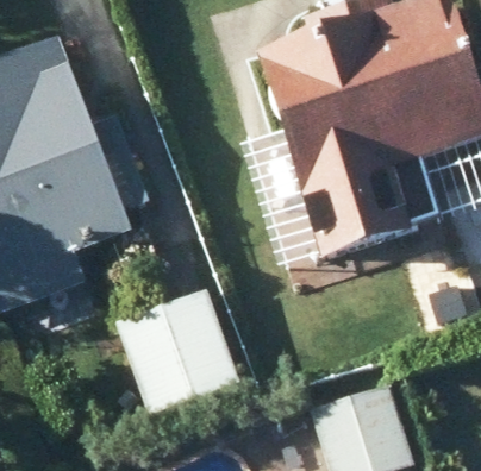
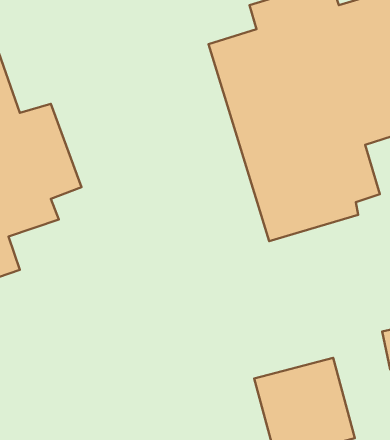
building: [114,284,238,412] -> none

